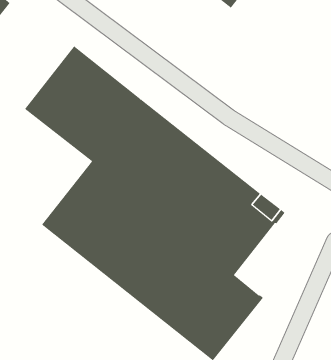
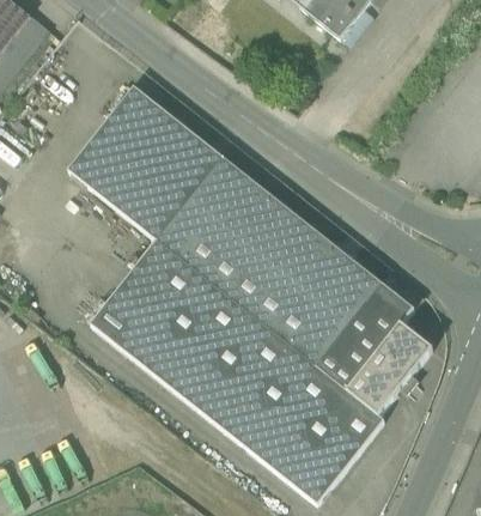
building: none -> [345,321,431,415]

